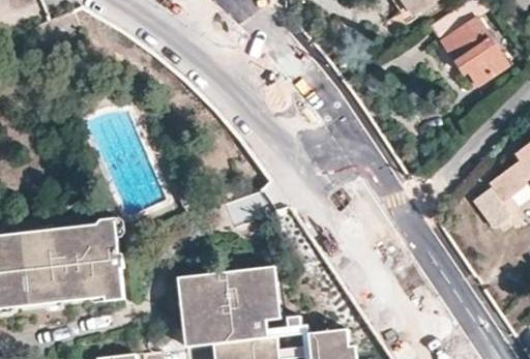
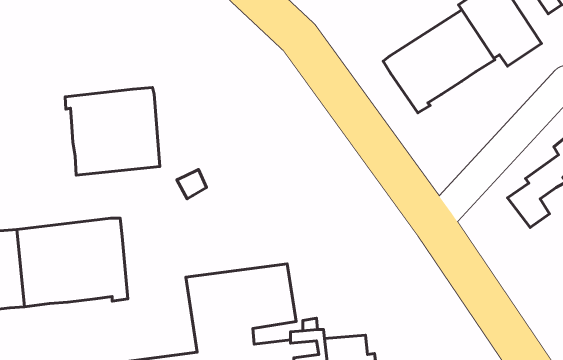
building: none -> [383,10,495,113]
building: none -> [65,88,160,175]

